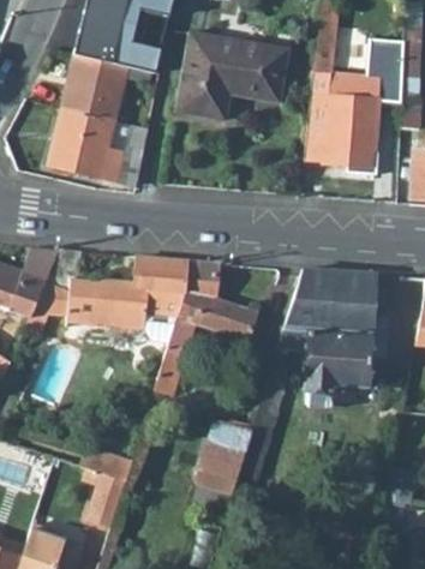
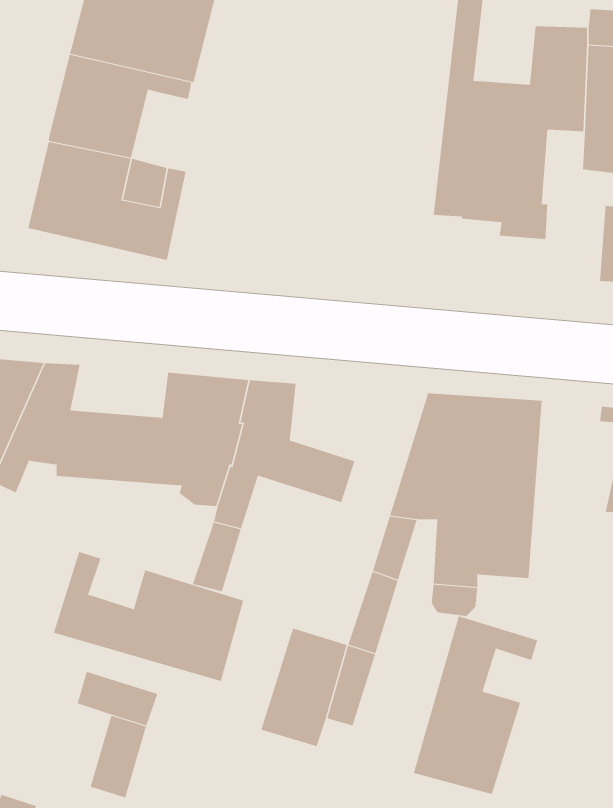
building: [176,32,288,120] -> none
building: none -> [53,551,244,682]
building: none -> [413,615,538,795]

